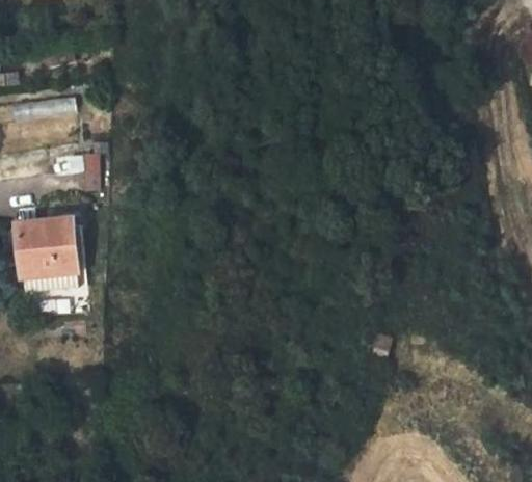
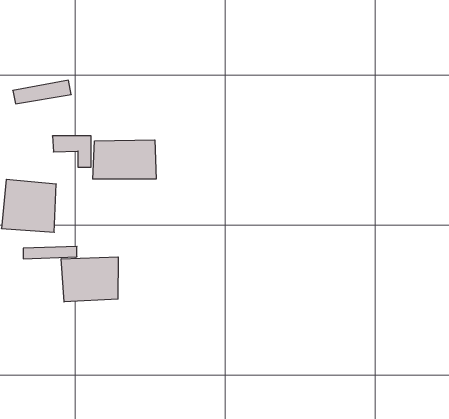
building: none -> [93,140,156,179]
building: none -> [61,257,118,302]

